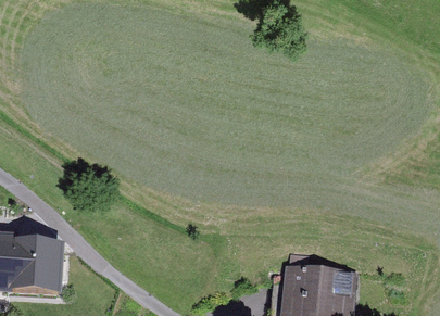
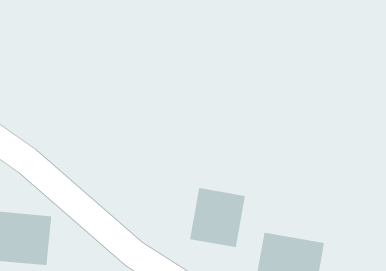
building: none -> [189,187,246,248]

